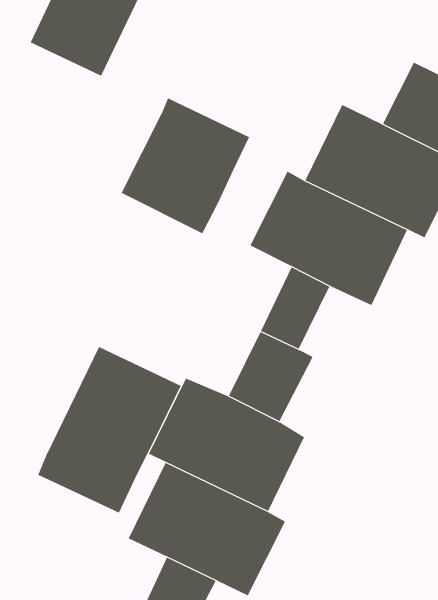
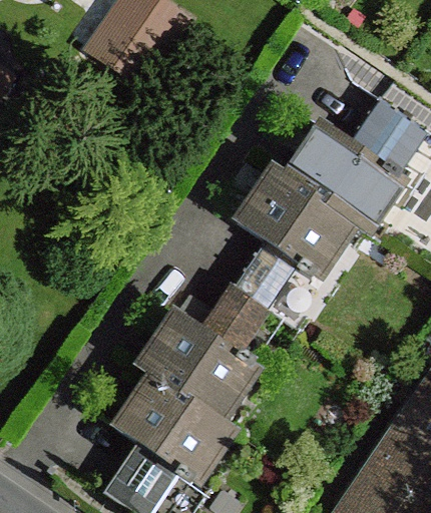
building: [121,97,250,234] -> none
building: [37,346,181,513] -> none

